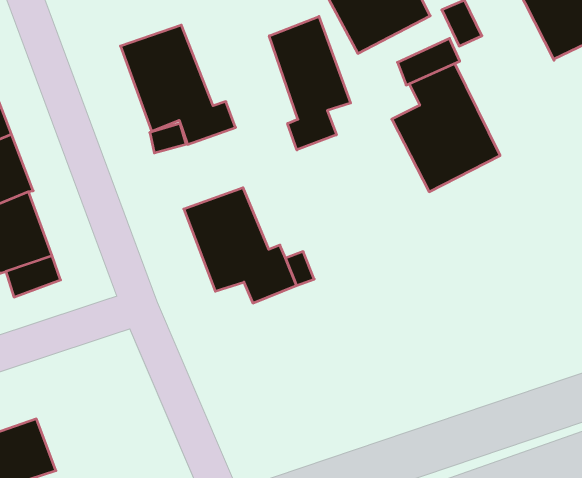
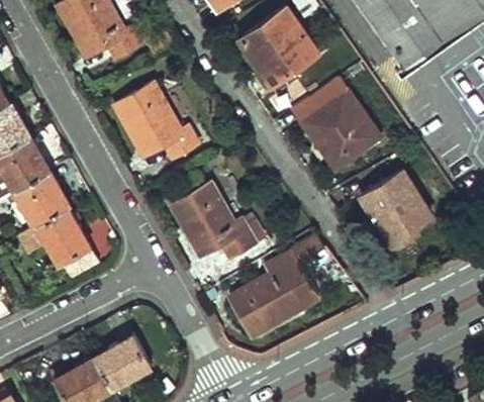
building: [269,16,351,150] -> none
building: none -> [361,174,428,248]
building: none -> [229,234,326,337]
building: none -> [96,338,153,391]

